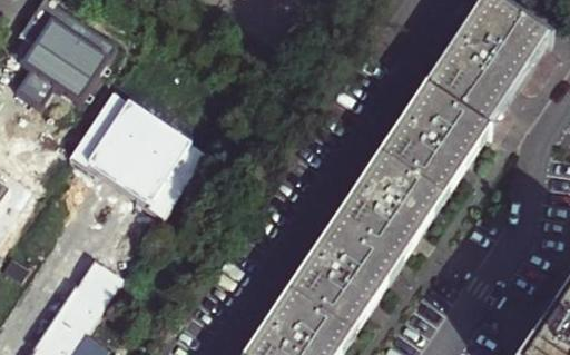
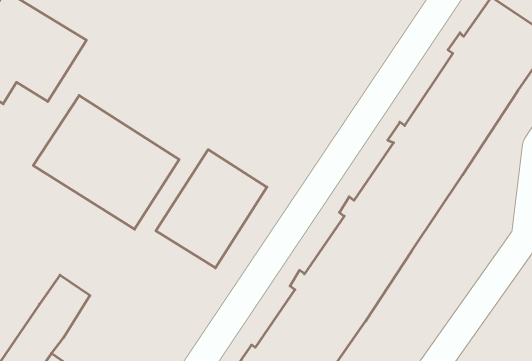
building: none -> [156,150,267,268]

